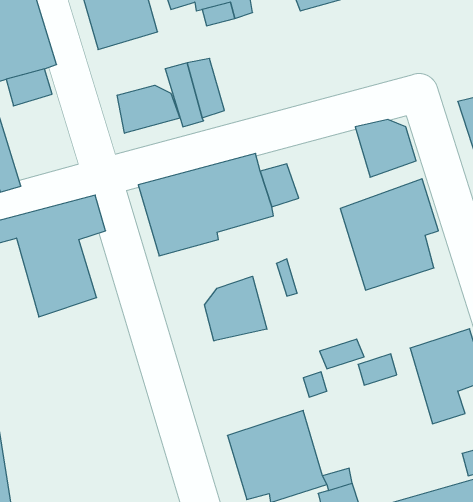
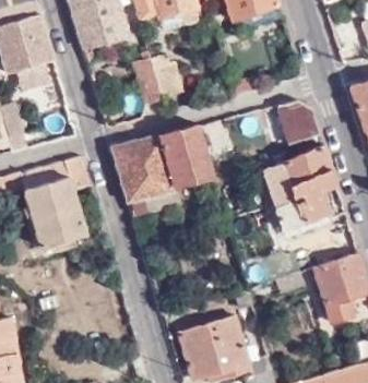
building: [117,85,180,133] -> none
building: [204,276,267,341] -> none

